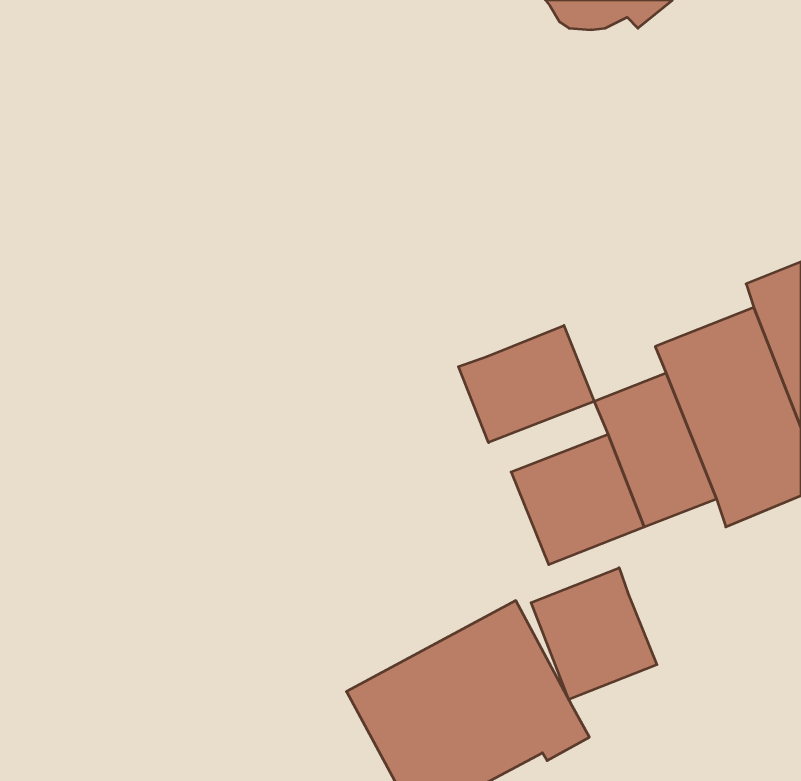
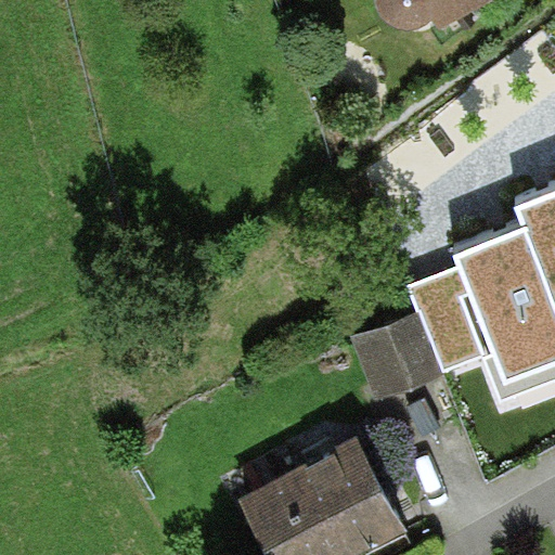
building: [458,325,594,443] -> none
building: [531,568,657,700] -> none

